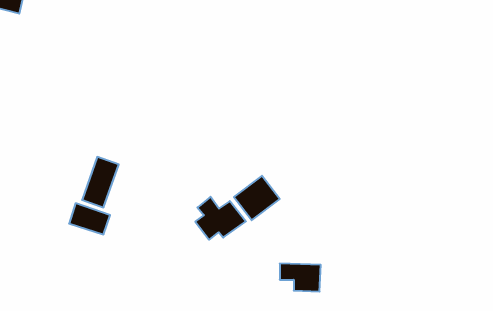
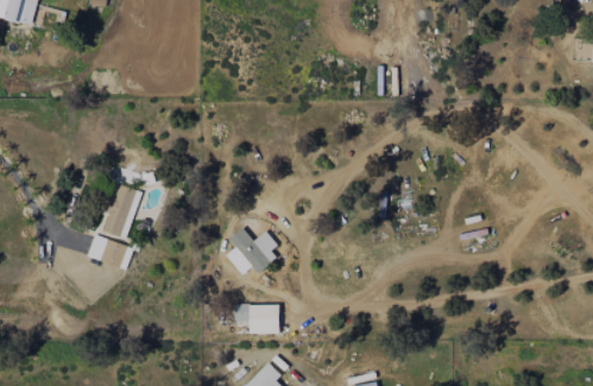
building: [234,176,280,220] -> none
building: [280,264,321,292] -> [234,303,279,334]

